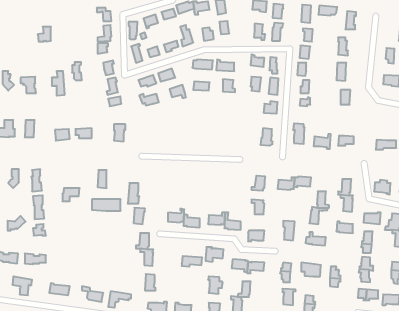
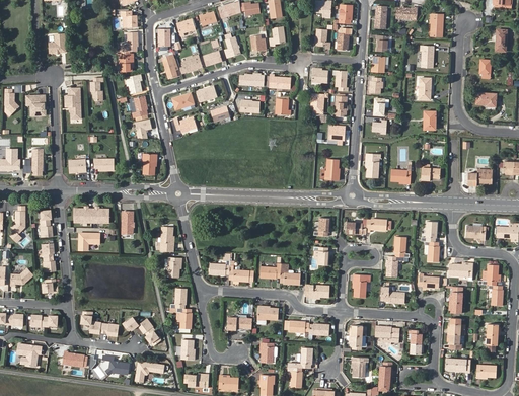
building: [92,199,121,211] -> [74,208,109,222]
building: none -> [81,310,119,336]
building: none -> [123,317,161,345]

